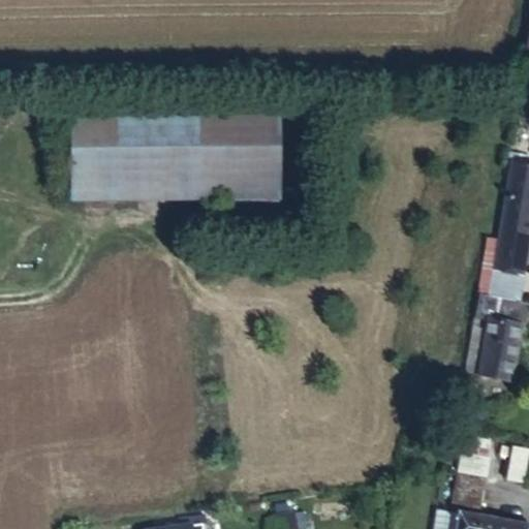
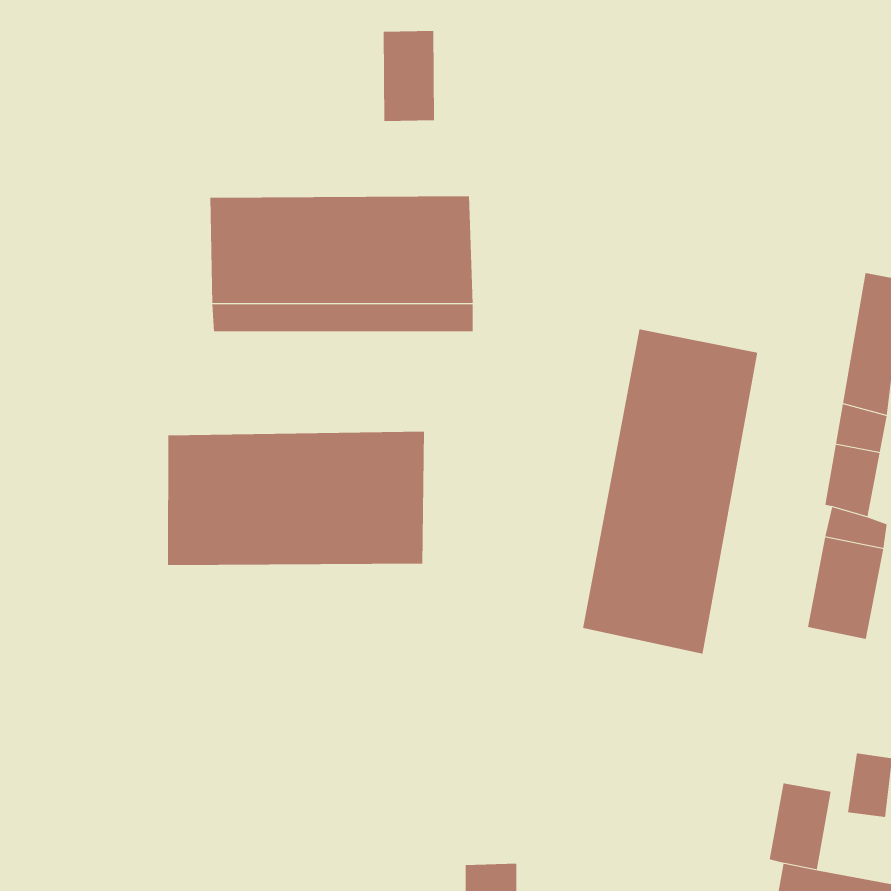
building: none -> [383,30,435,122]
building: [74,118,127,197] -> none
building: none -> [582,329,758,654]
building: none -> [168,431,425,566]

